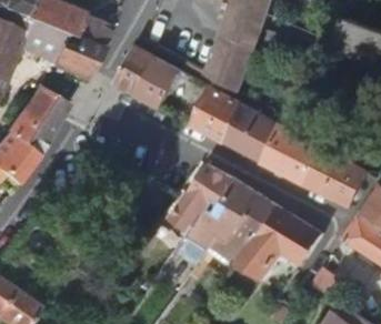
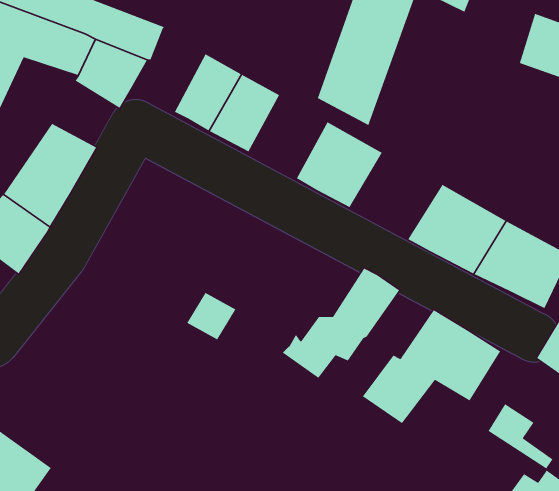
building: [225,107,284,162] -> none
building: [168,164,234,230] -> none
building: [204,194,279,267] -> none

